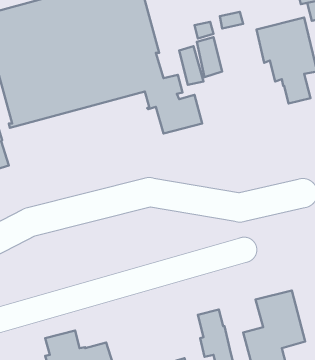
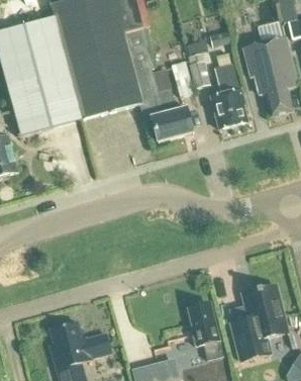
building: none -> [211,62,247,128]

